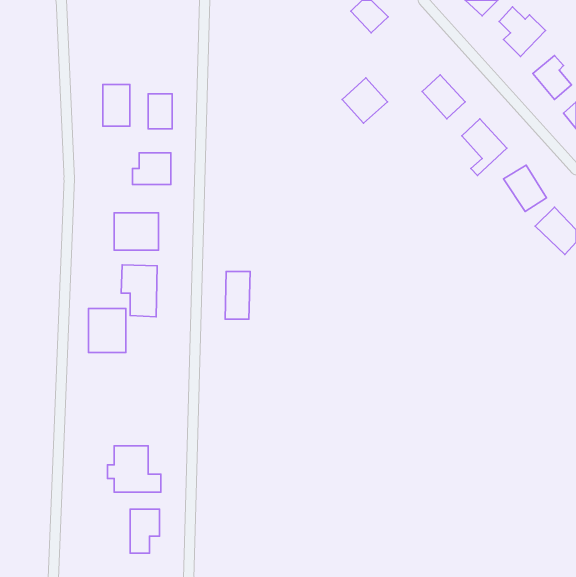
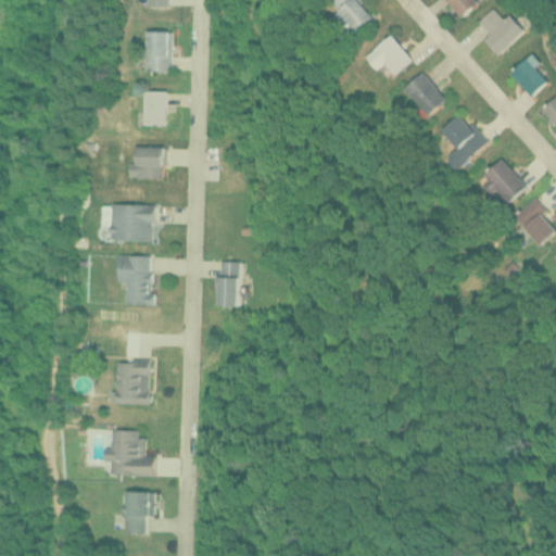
building: [342,78,387,123] -> [368,36,412,79]
building: [103,84,130,126] -> [143,31,169,72]
building: [89,308,126,353] -> [114,361,150,403]

